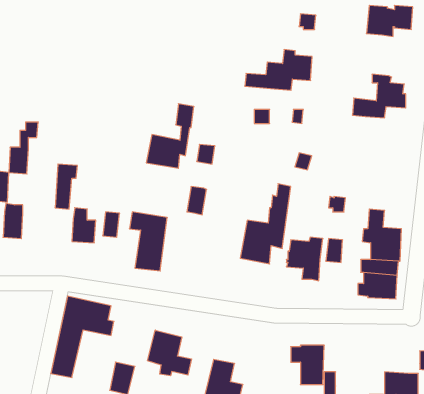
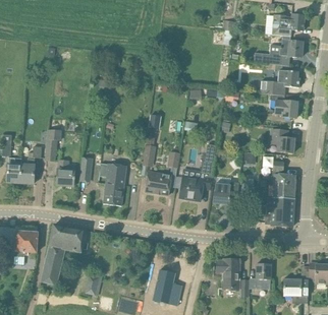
building: [245,50,312,90] -> [254,35,303,64]
building: [146,104,194,168] -> [145,148,179,195]
building: none -> [270,93,297,118]
building: [9,122,38,174] -> [20,145,42,183]
building: none -> [269,128,295,153]
building: none -> [14,231,38,256]
building: [148,330,191,376] -> none
building: none -> [256,262,272,289]

